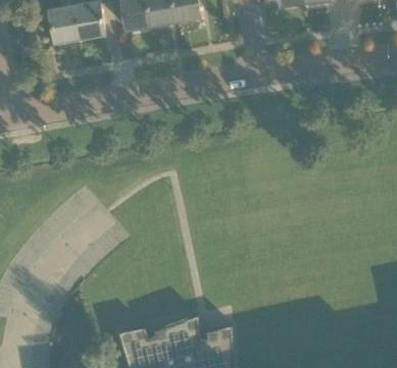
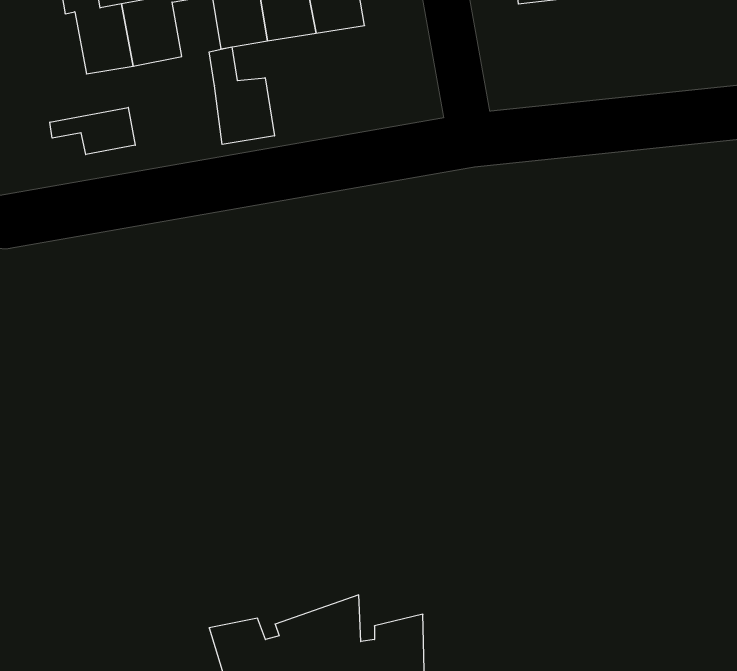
building: none -> [209,47,274,144]
building: none -> [50,107,135,155]

